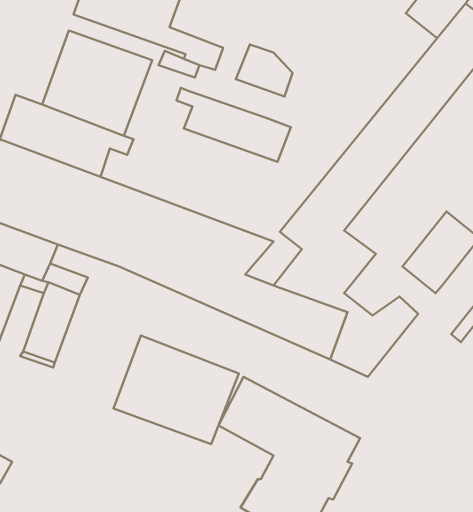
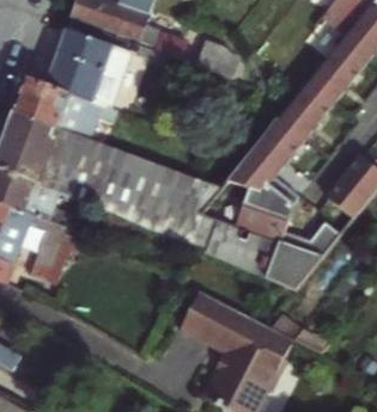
building: [177,88,291,162] -> none
building: [114,336,239,444] -> none

